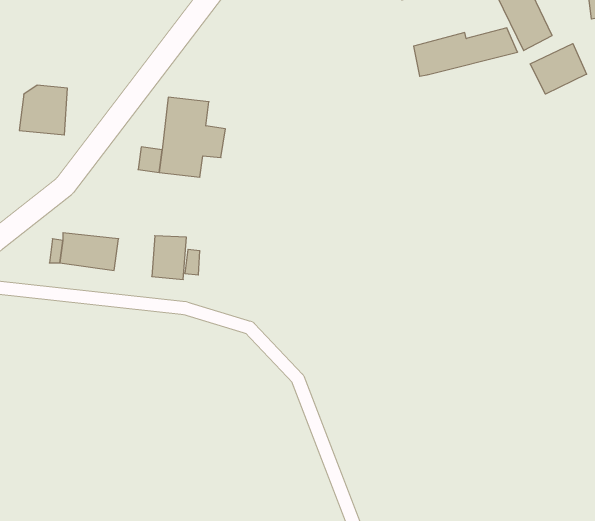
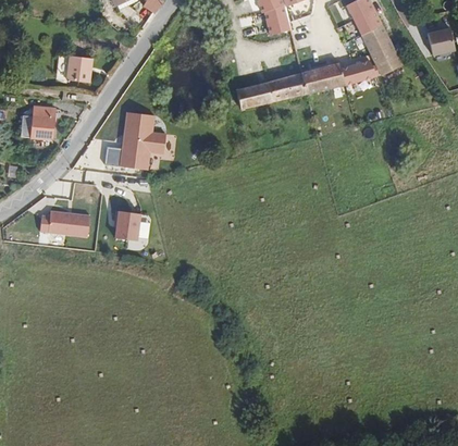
building: none -> [54,52,91,82]
building: [530,44,587,94] -> none
building: none -> [239,74,308,110]

